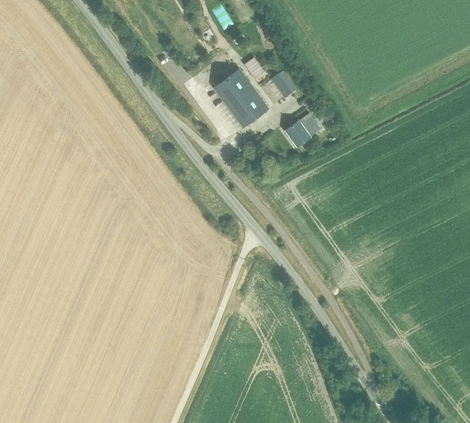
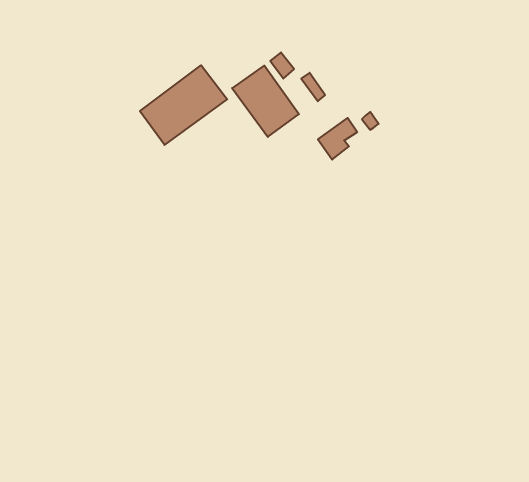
building: none -> [140,65,227,145]

